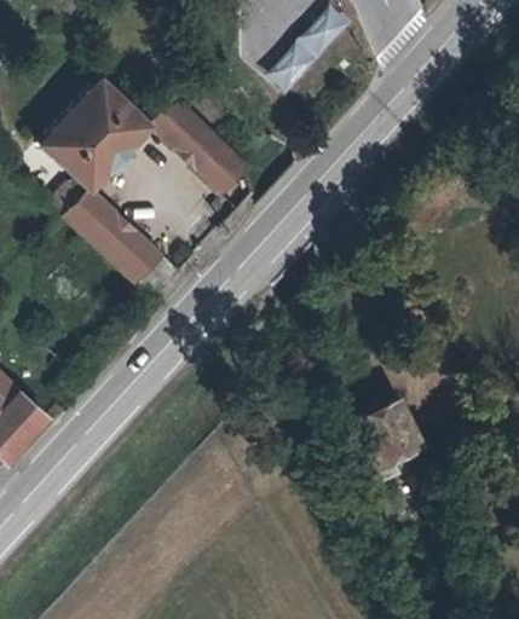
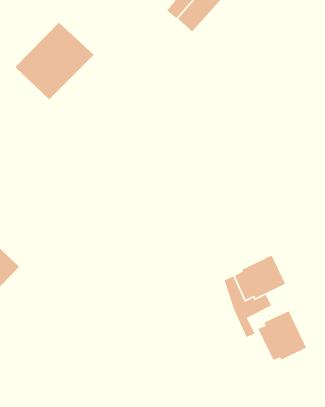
building: [151,100,246,192] -> none
building: [51,183,180,302] -> none
building: none -> [257,310,307,361]

